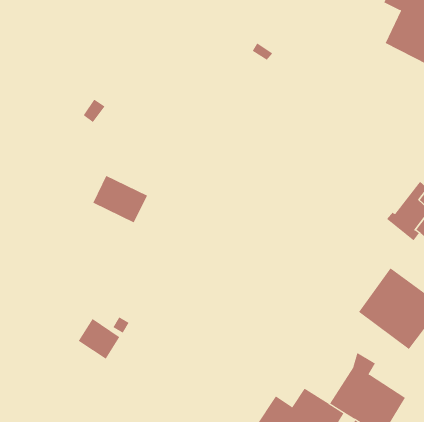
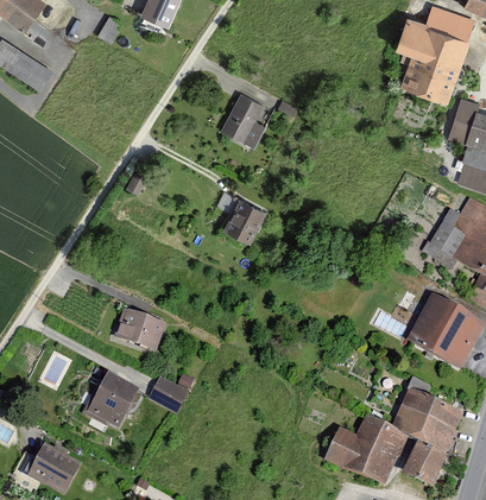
building: none -> [221,93,265,146]
building: none -> [223,198,266,243]
building: [92,175,148,223] -> [114,309,165,350]
building: none -> [82,373,139,426]

